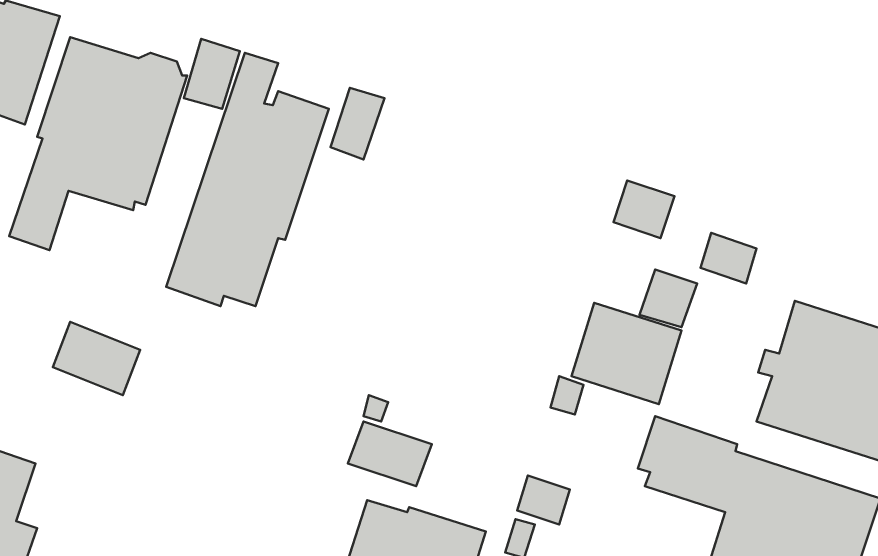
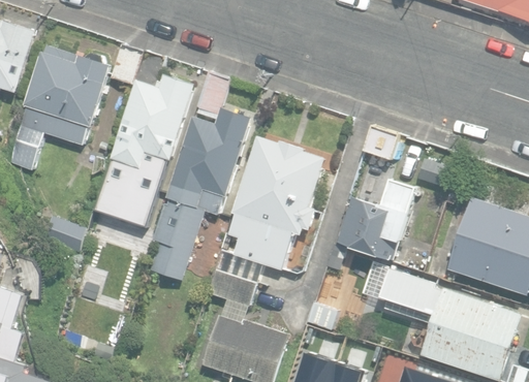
building: none -> [149,108,252,281]
building: none -> [227,131,323,265]

